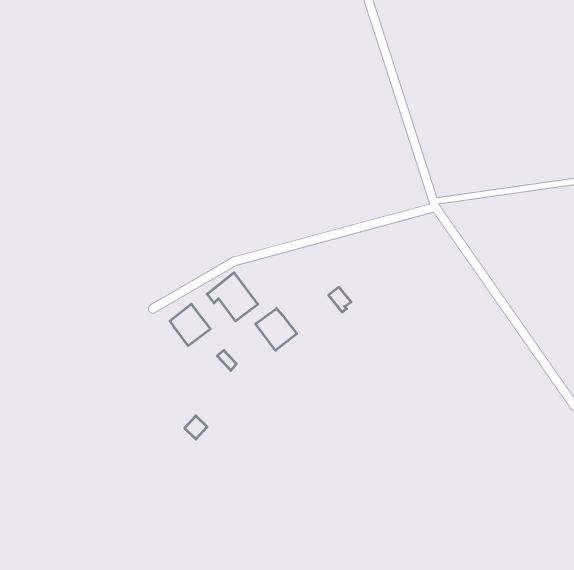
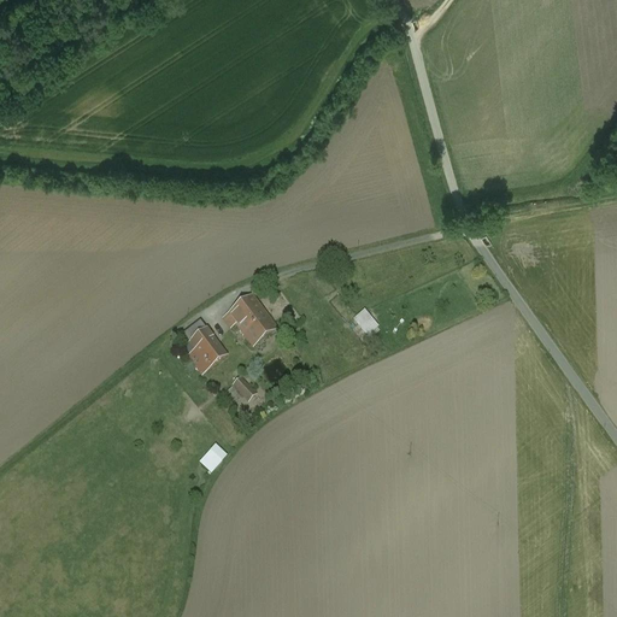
building: [256,308,297,350] -> none

